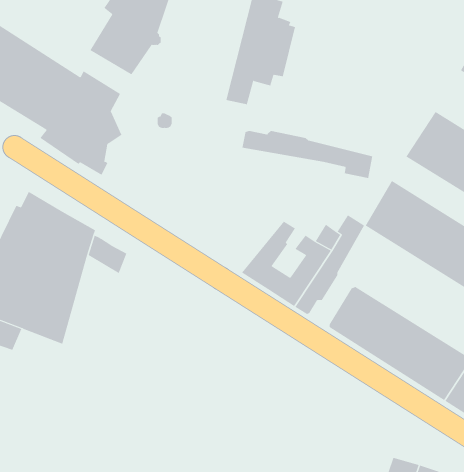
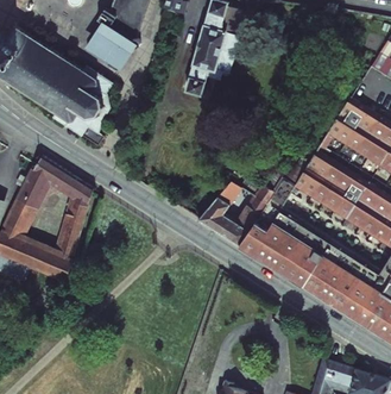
building: [242,130,373,179] -> none
building: none -> [251,223,288,262]

